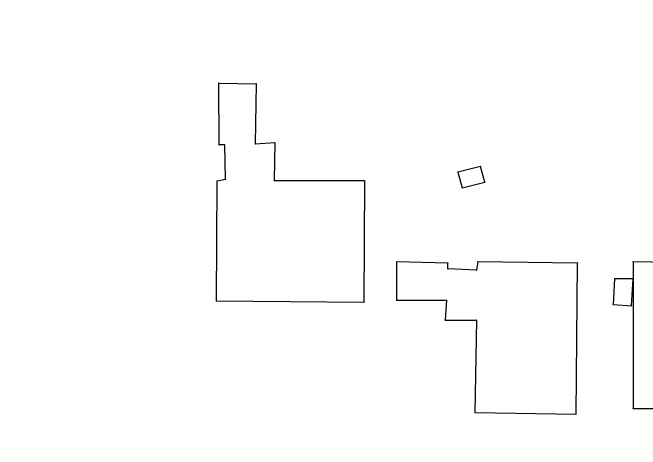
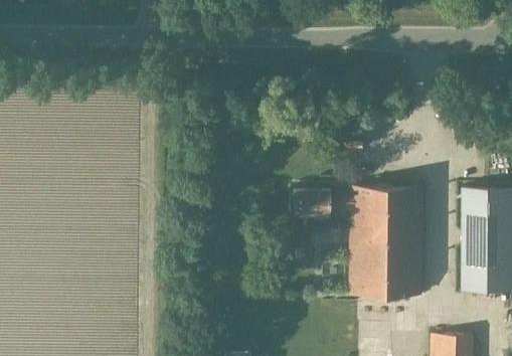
building: [216,83,364,302] -> none

